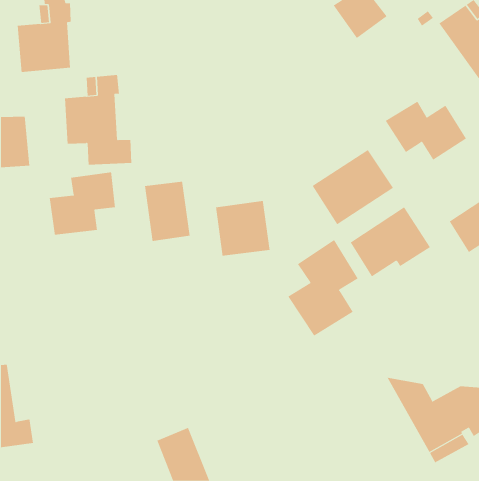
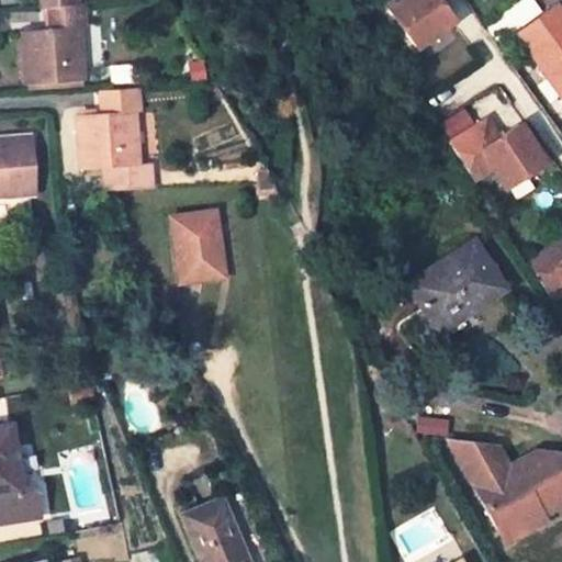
building: [312,149,394,225] -> none
building: [49,171,115,236] -> none
building: [216,200,270,257] -> none
building: [288,239,359,337] -> none

